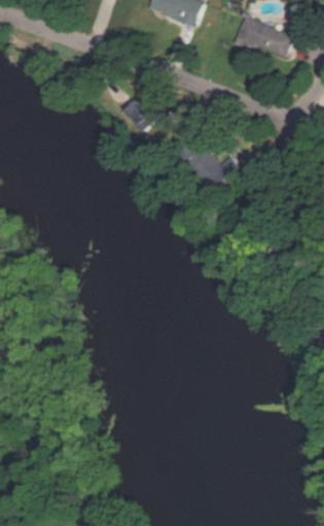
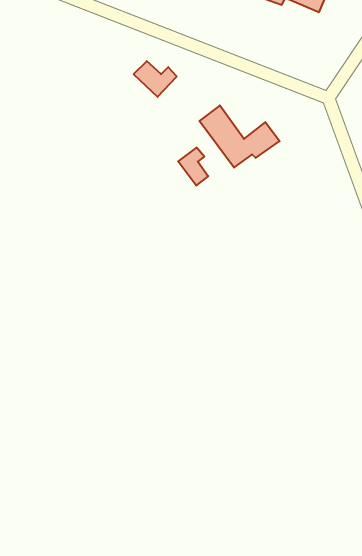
building: none -> [178,148,208,186]

